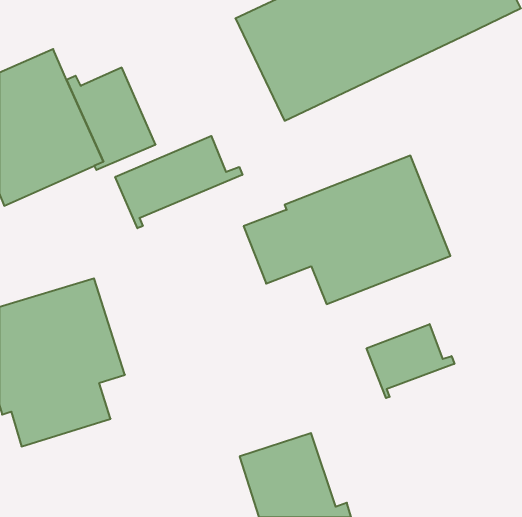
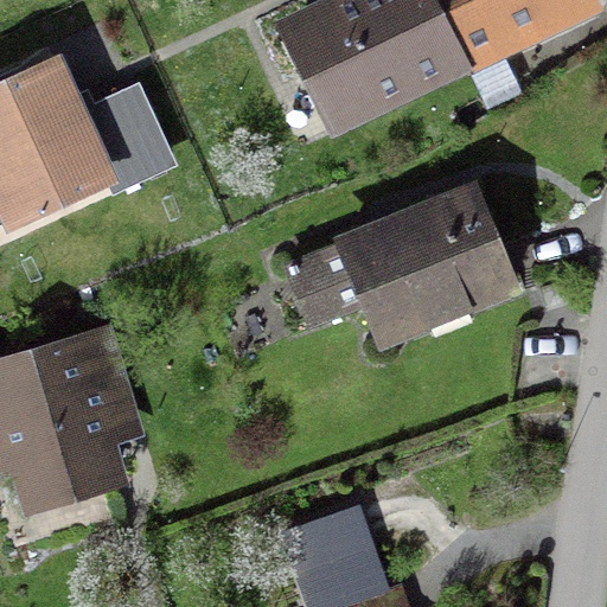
building: [115,136,242,228] -> none
building: [367,324,454,398] -> none

